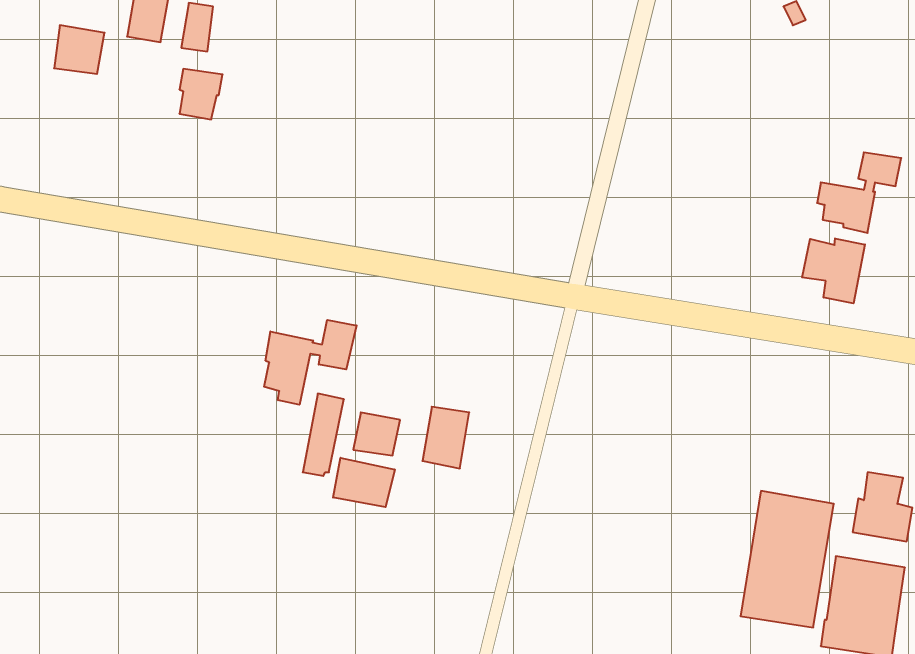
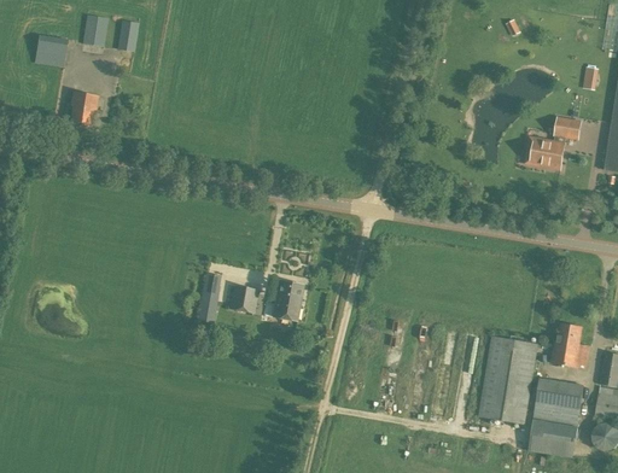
building: [179,69,223,119] -> [70,92,98,124]
building: [802,238,865,303] -> none
building: [264,320,357,405] -> none
building: [333,458,395,507] -> none

